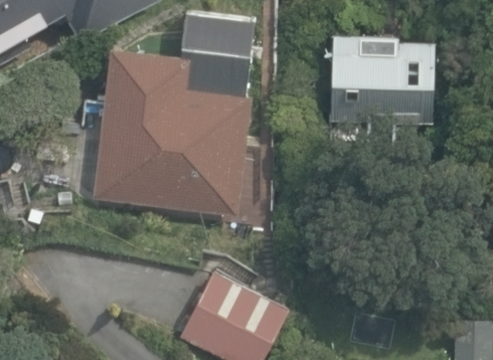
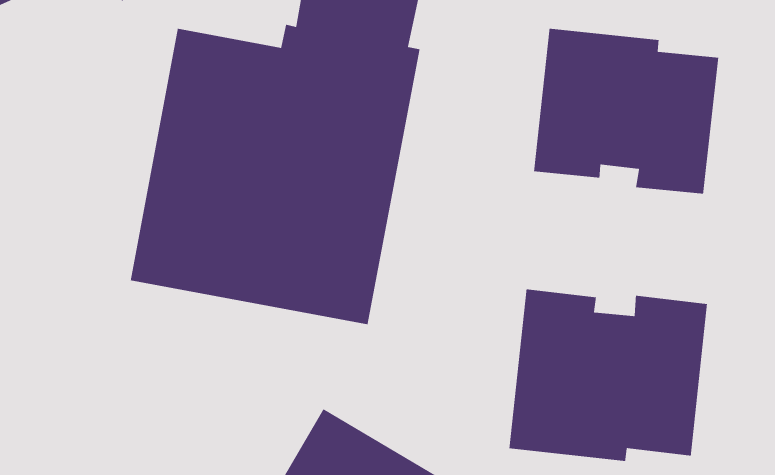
building: none -> [508,288,708,462]

